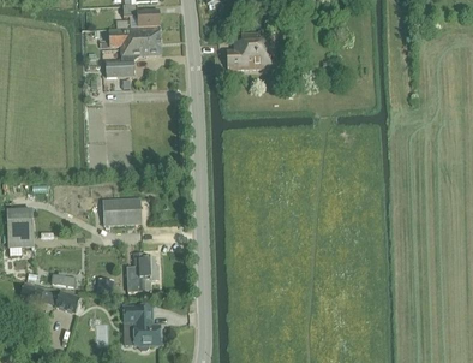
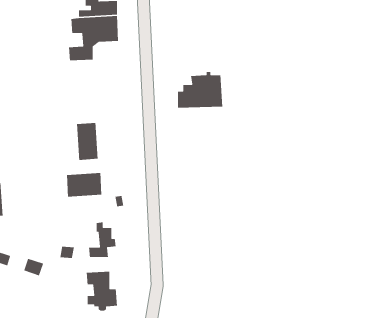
building: [226,30,276,71] -> [177,71,223,108]
building: none -> [76,122,98,161]

